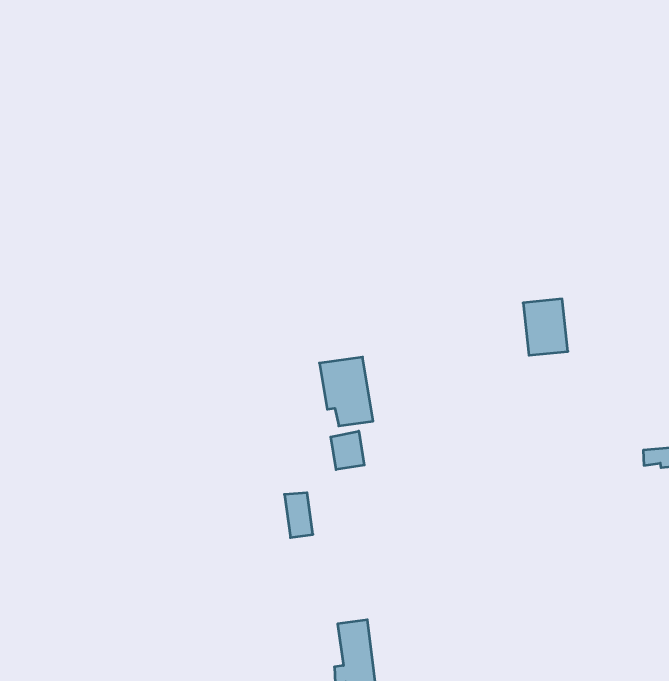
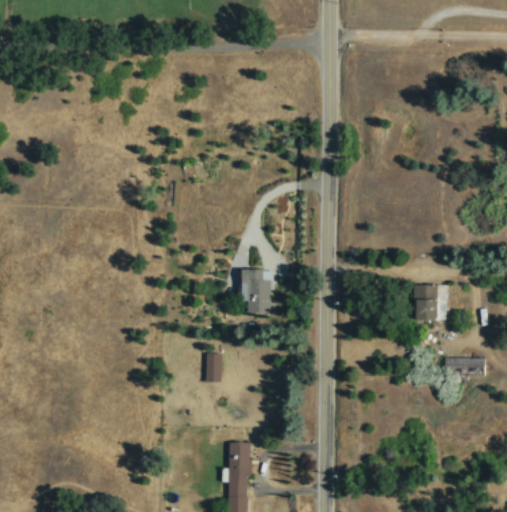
building: [523,299,568,355] -> [419,285,446,321]
building: [331,431,364,470] -> none

